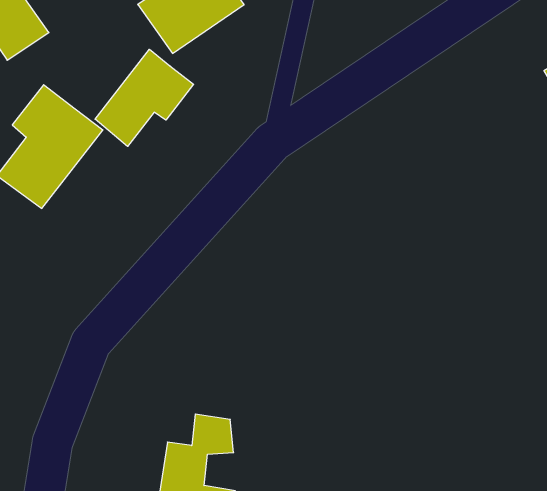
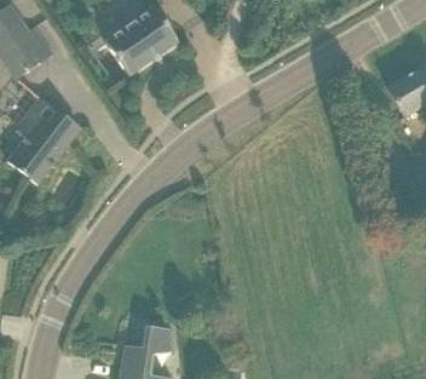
building: [95,49,194,146] -> none

